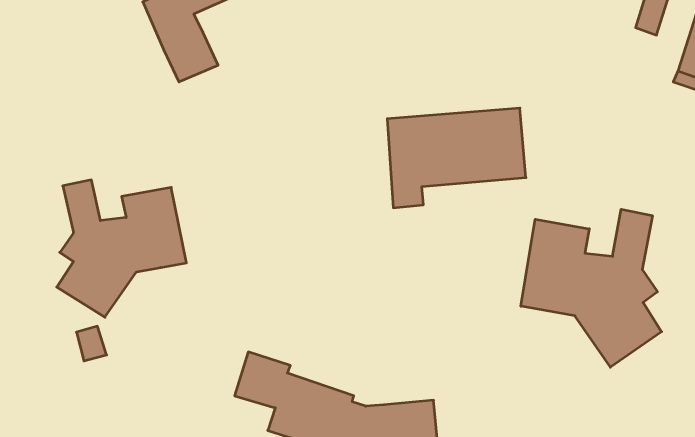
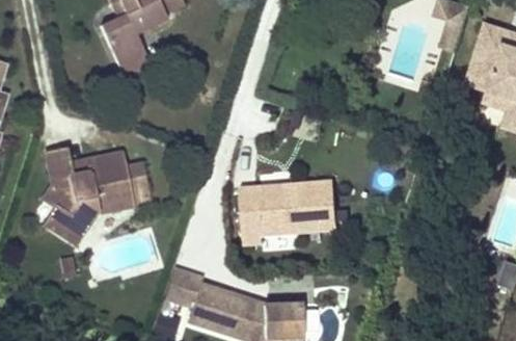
building: [387,108,526,208] -> [242,178,337,246]
building: [521,209,662,367] -> none

